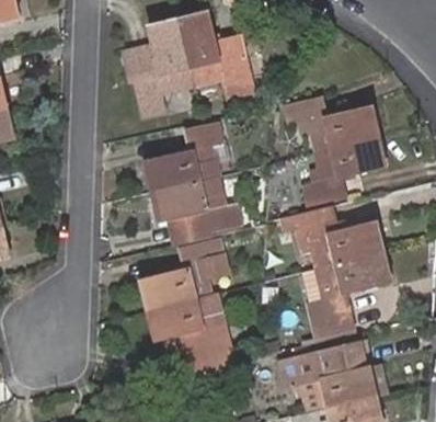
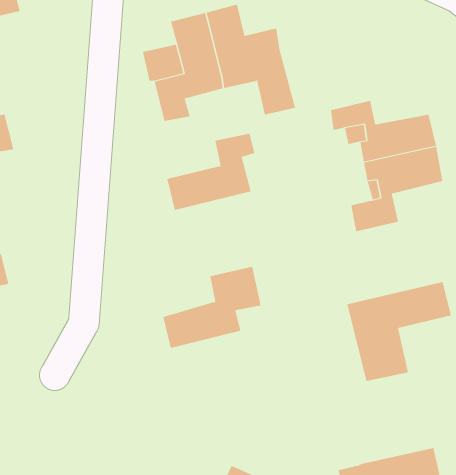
building: [151,174,239,243] -> none
building: [288,206,383,272] -> none
building: [148,293,234,376] -> none
building: [280,342,376,411] -> none

